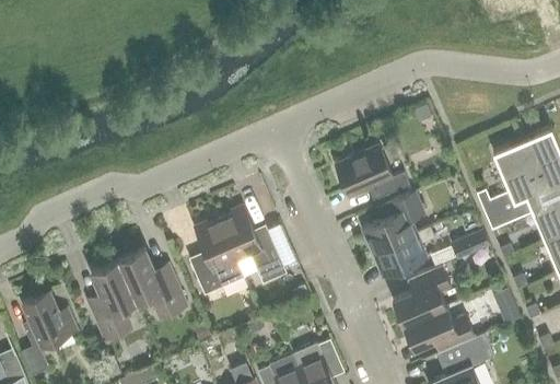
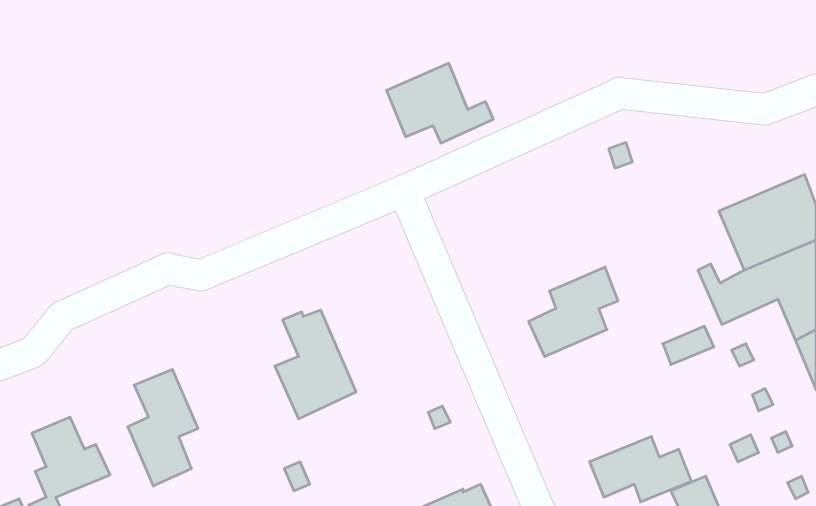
building: [336,146,409,200] -> [386,63,493,143]
building: [220,206,285,282] -> none
building: [373,226,434,276] -> none
building: [118,249,186,317] -> none
building: [393,265,451,324] -> none

